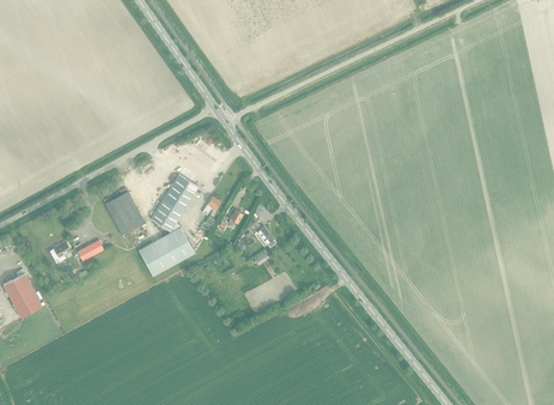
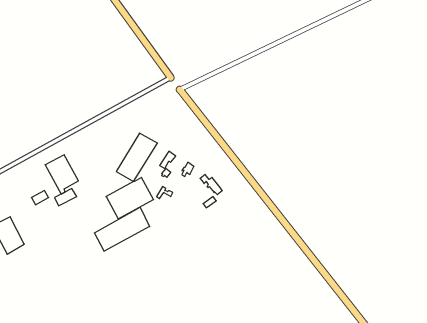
building: [104,192,144,238] -> [45,155,78,194]
building: none -> [94,207,150,251]

